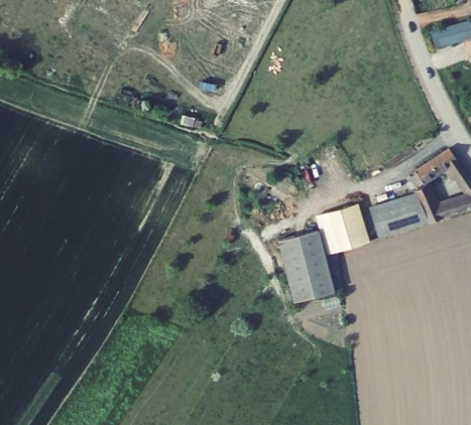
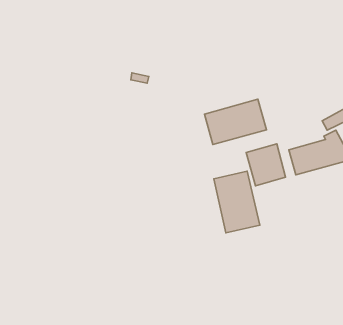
building: none -> [204,99,267,144]

